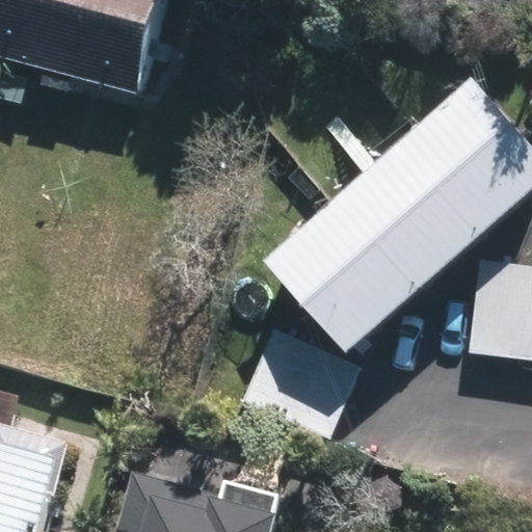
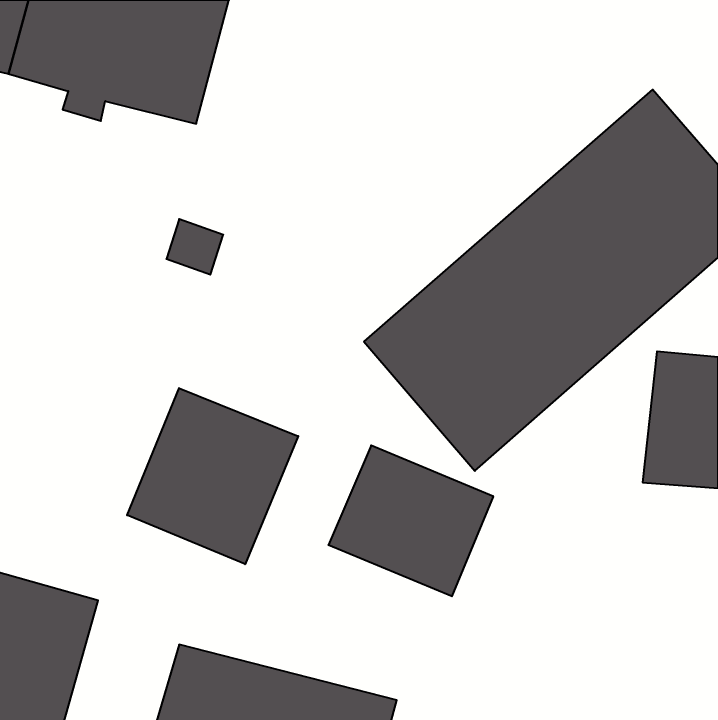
building: none -> [127,388,298,564]

